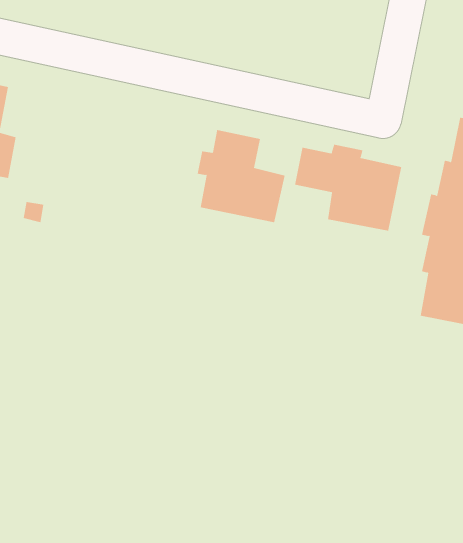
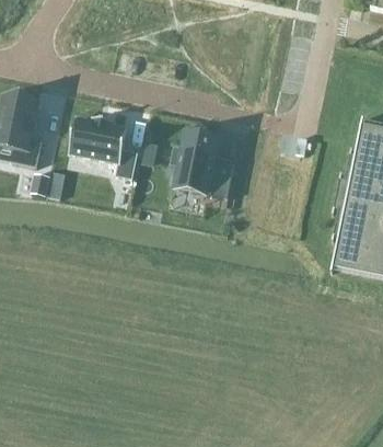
building: none -> [69,117,138,179]
building: [294,144,402,231] -> none

